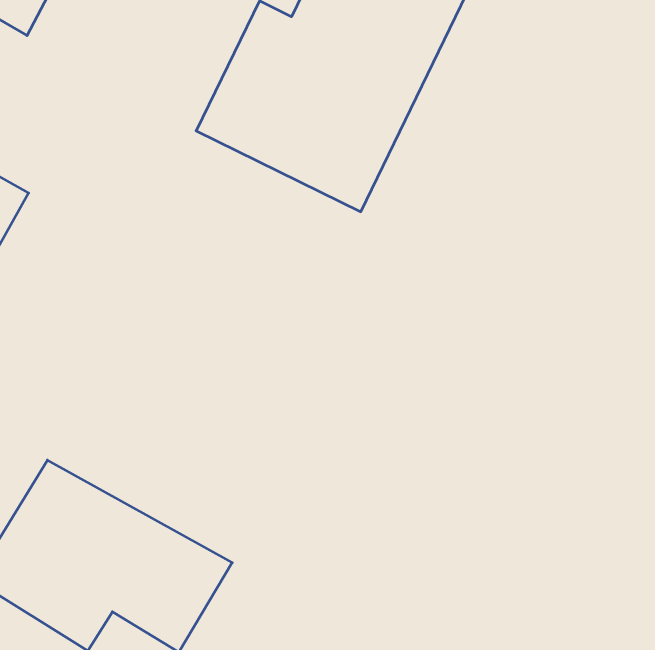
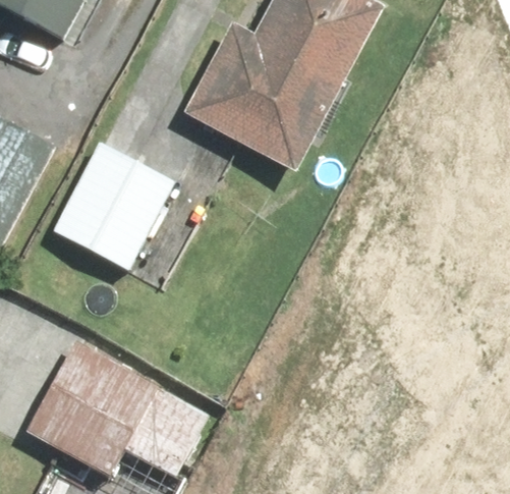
building: none -> [52,146,173,269]

